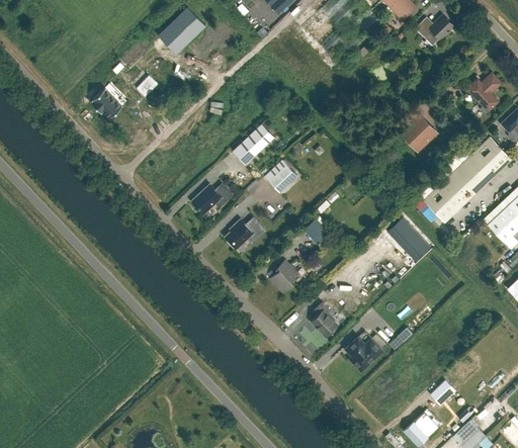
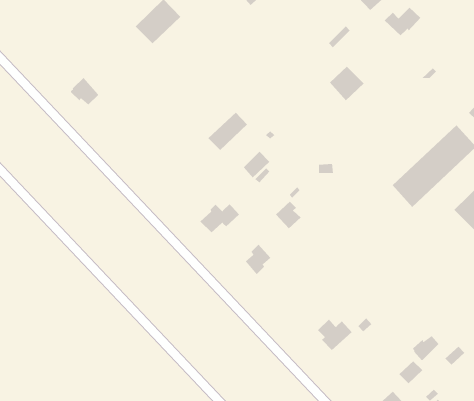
building: [466,73,500,111] -> none
building: [400,114,436,151] -> [329,66,364,101]
building: [192,183,234,214] -> none
building: [386,216,430,261] -> none
building: [311,301,338,337] -> none
building: none -> [412,335,440,361]

